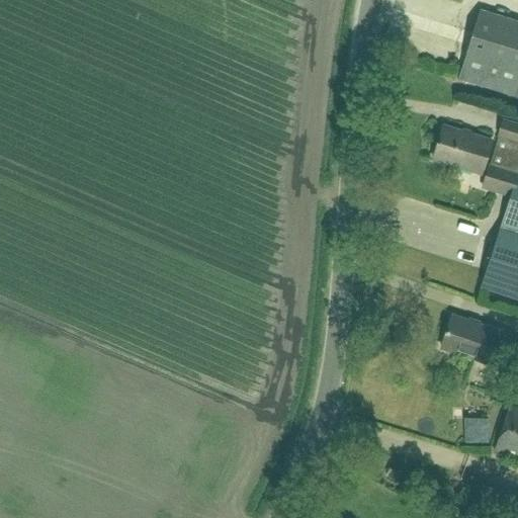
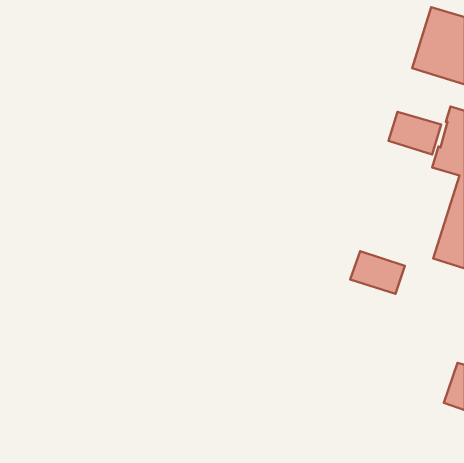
building: [441,315,502,362] -> [350,251,405,294]
building: [465,421,490,444] -> none

